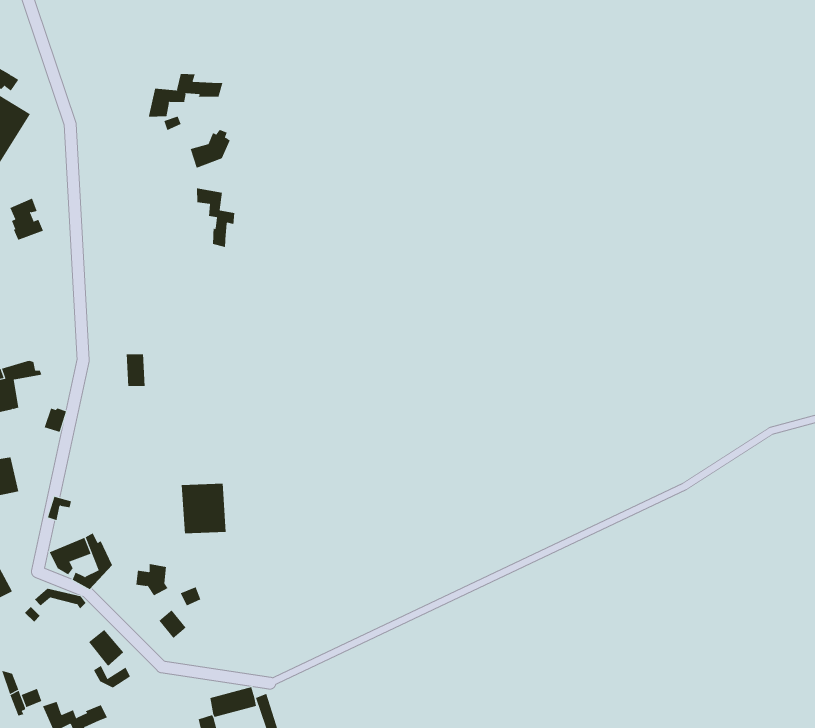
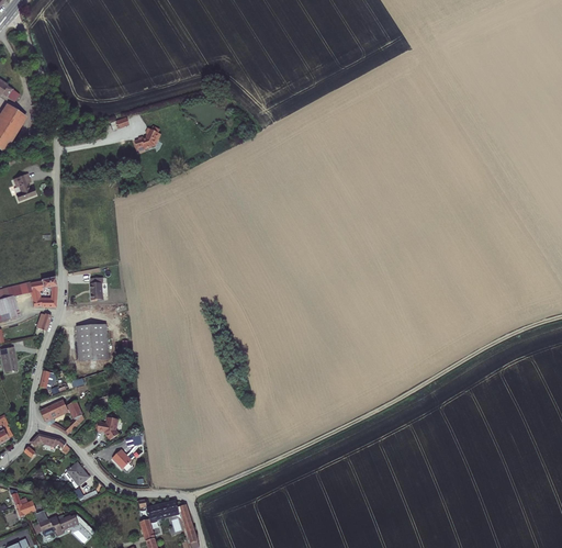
building: [148,73,223,118] -> none
building: [197,187,235,248] -> none
building: none -> [29,276,56,305]
building: [181,483,227,534] -> [76,325,106,359]

